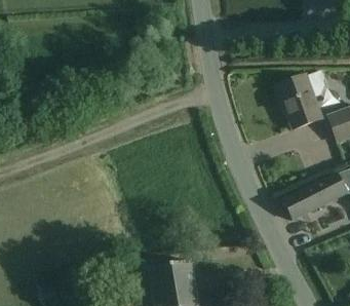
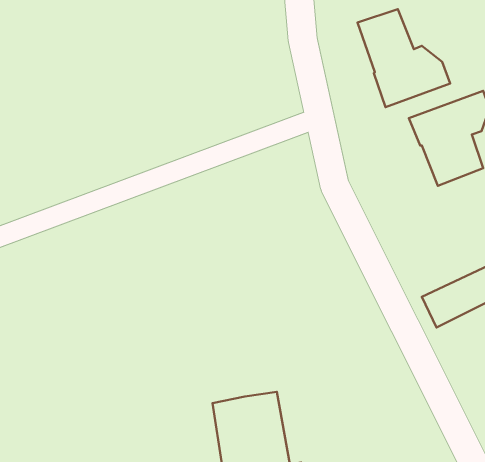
building: none -> [358,9,450,107]

